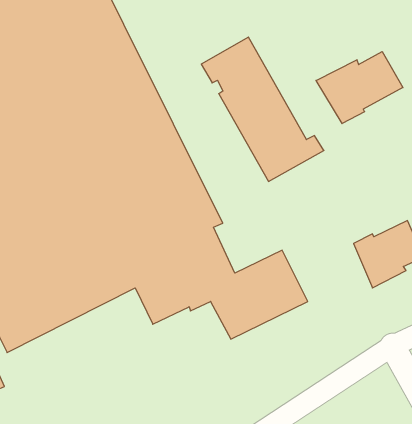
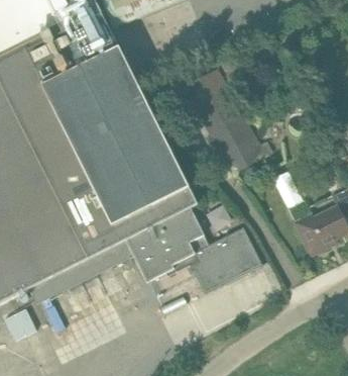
building: [316,52,403,124] -> none

